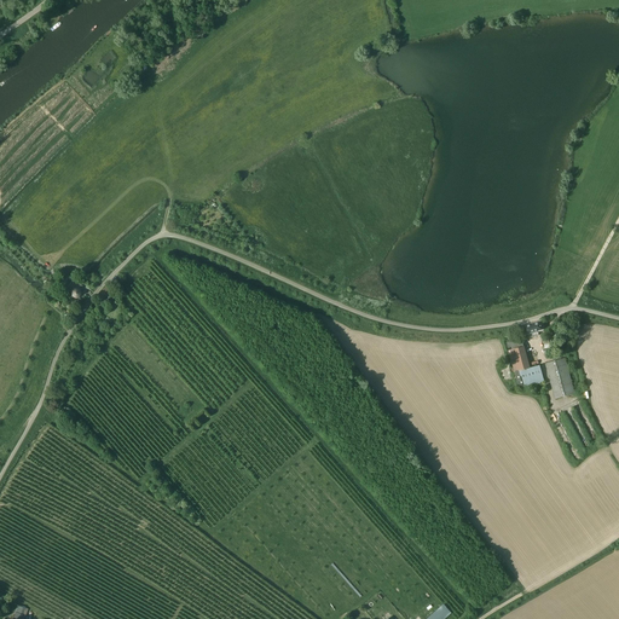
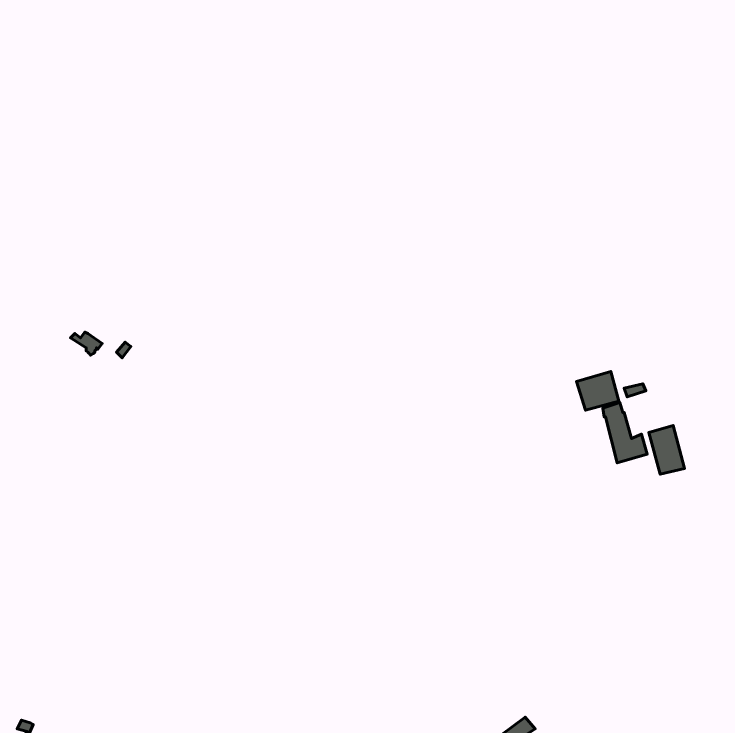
building: none -> [577,372,619,410]

